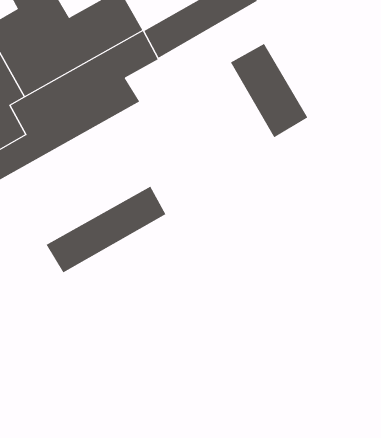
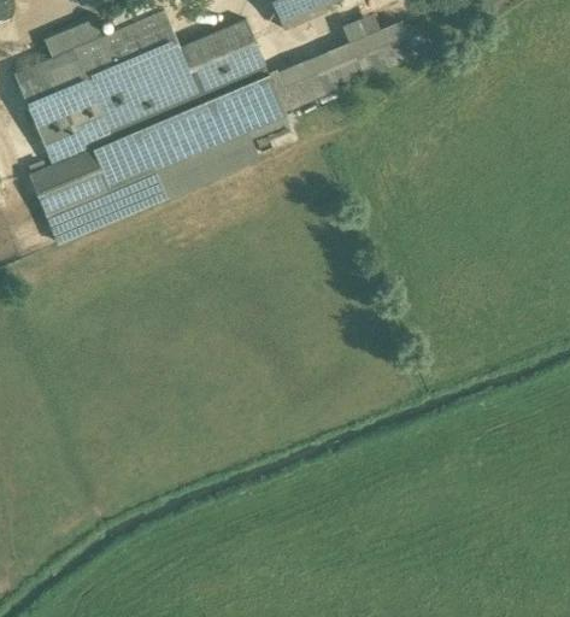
building: [230,43,308,138] -> none
building: [46,186,166,273] -> none

